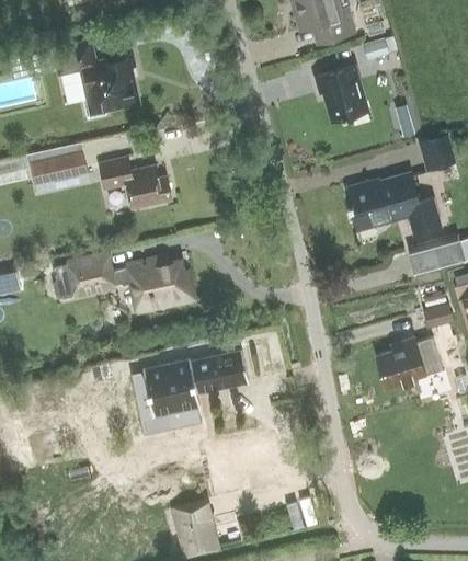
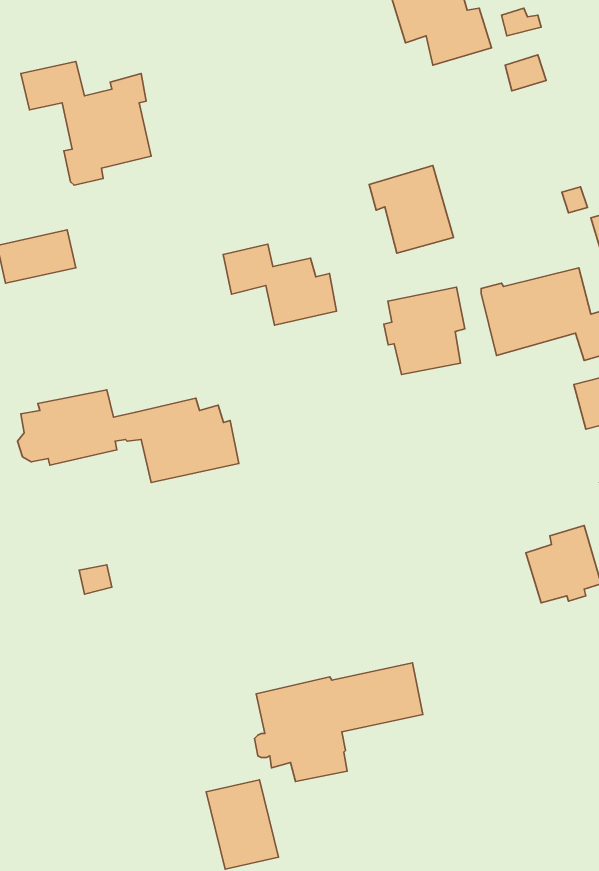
building: [313,66,367,122] -> [369,166,453,253]
building: [99,158,171,209] -> [223,244,336,325]
building: none -> [384,287,465,374]
building: [141,350,249,425] -> [254,663,423,782]

